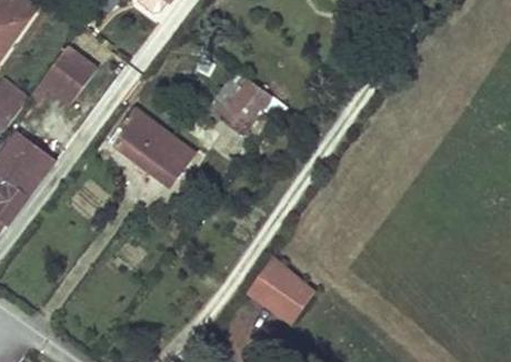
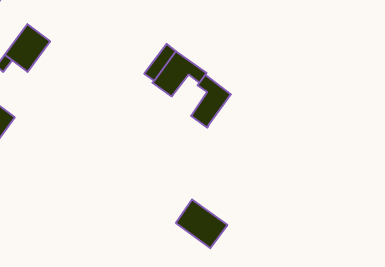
building: [110,108,194,185] -> none
building: none -> [191,75,231,128]

